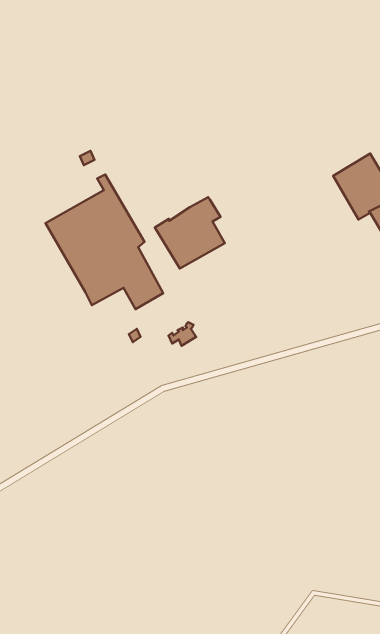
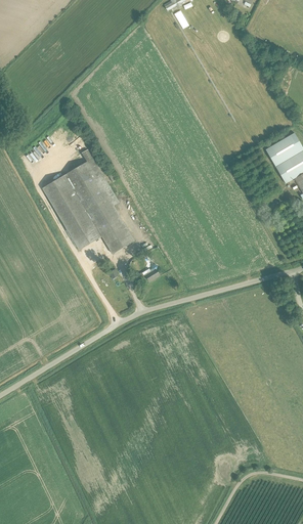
building: [155,197,225,269] -> none

